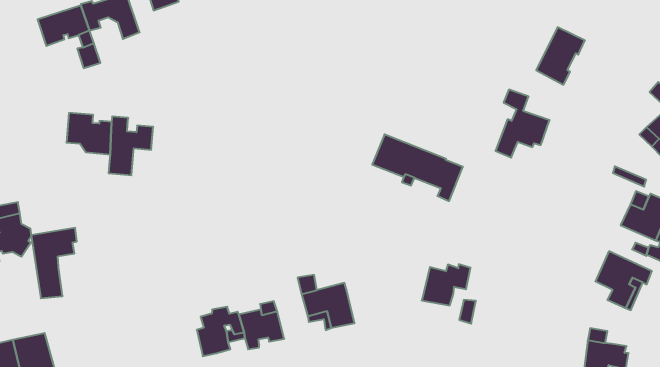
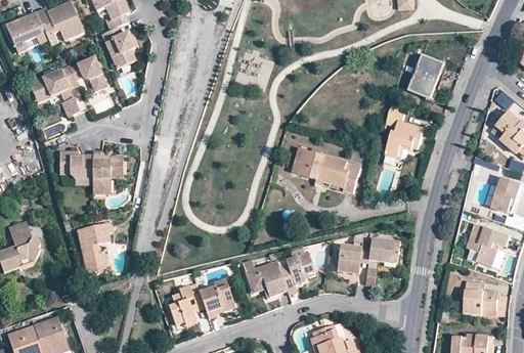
building: [31,228,77,298] -> [80,221,115,276]
building: none -> [370,240,401,263]
building: none -> [280,253,316,295]

